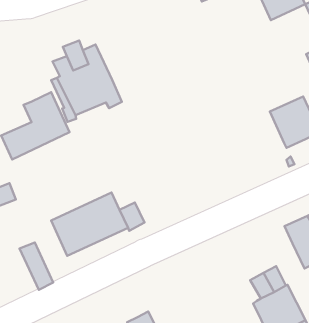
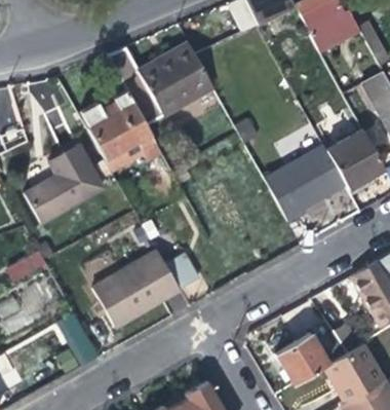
building: none -> [109,44,213,126]
building: none -> [263,143,345,223]
building: none -> [275,332,327,382]

